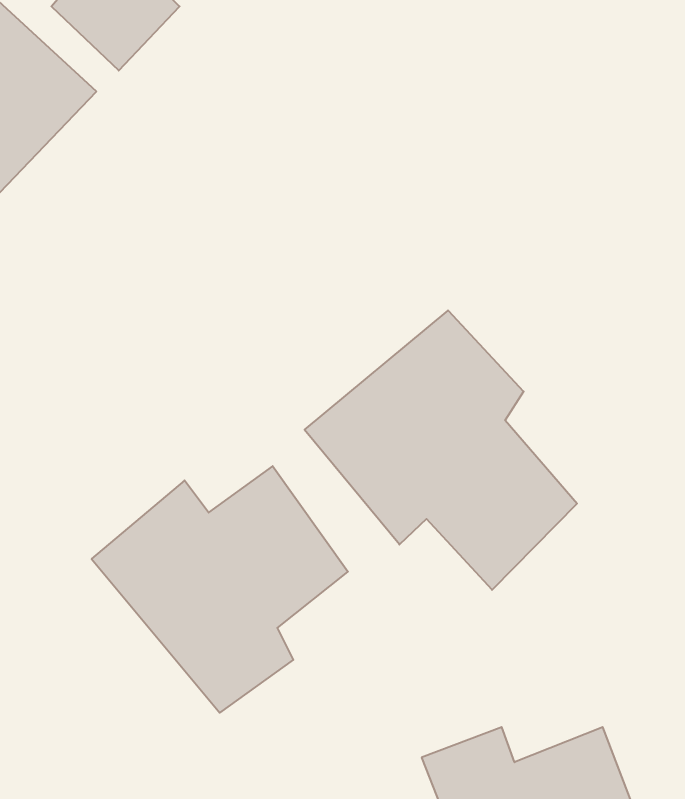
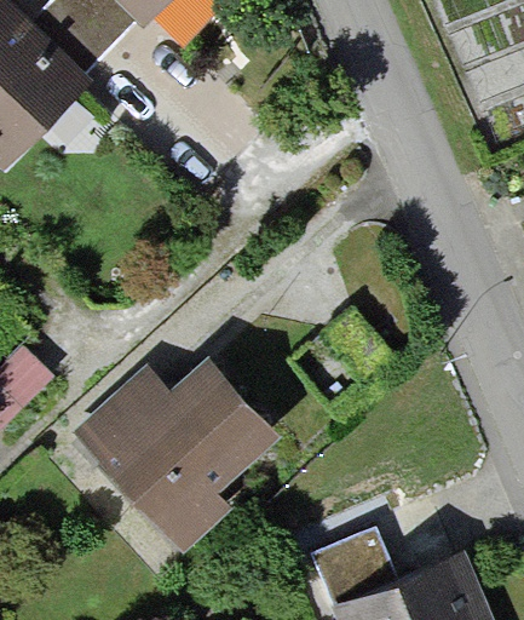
building: [305,310,577,590] -> none

